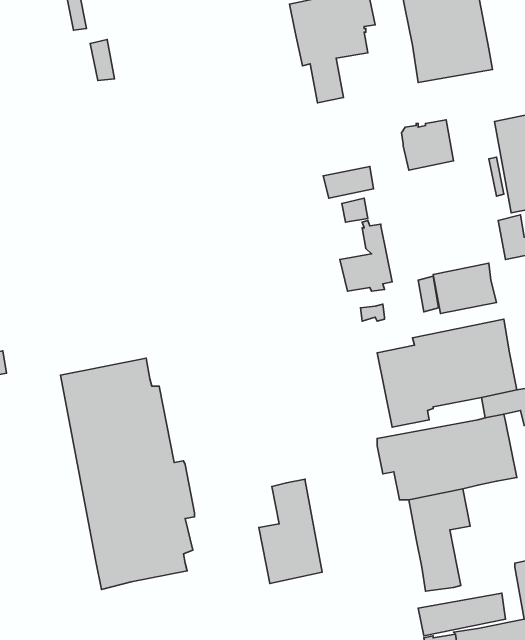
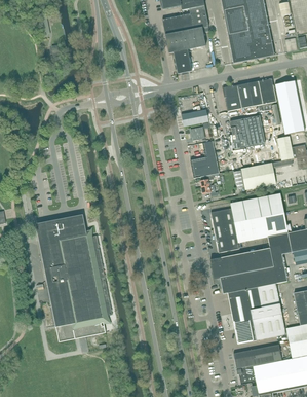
building: none -> [248,77,276,105]
building: none -> [230,114,265,148]
building: [259,479,322,583] -> [251,282,285,339]

